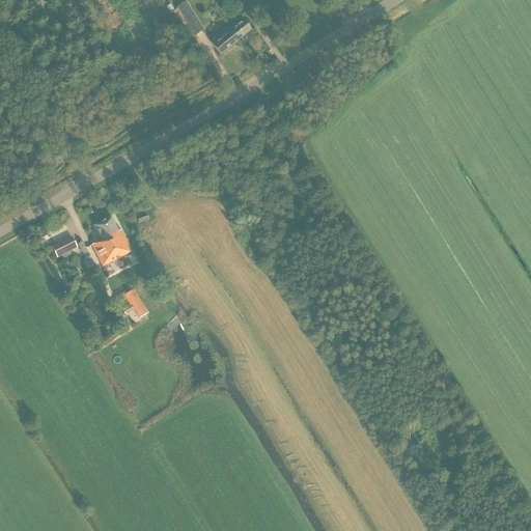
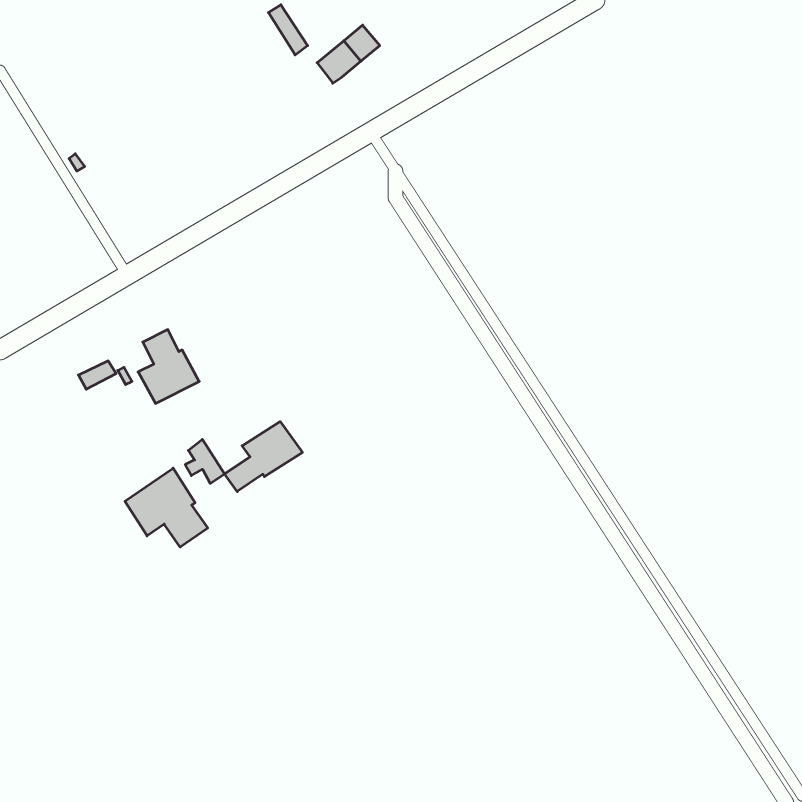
building: none -> [224,422,302,492]
building: none -> [125,468,208,547]

